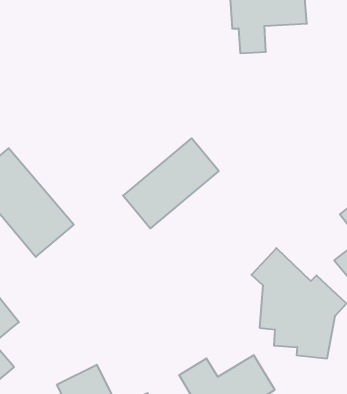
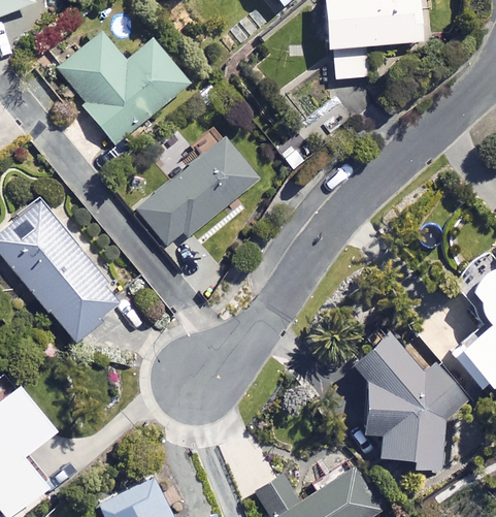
building: none -> [56,32,189,143]
building: [123,138,219,228] -> [137,134,260,250]

